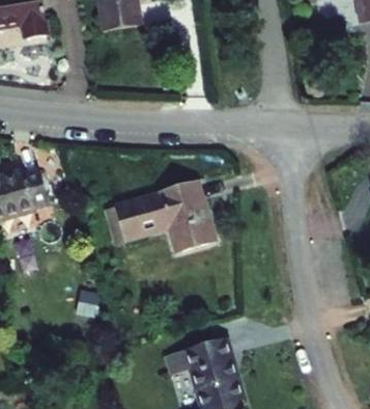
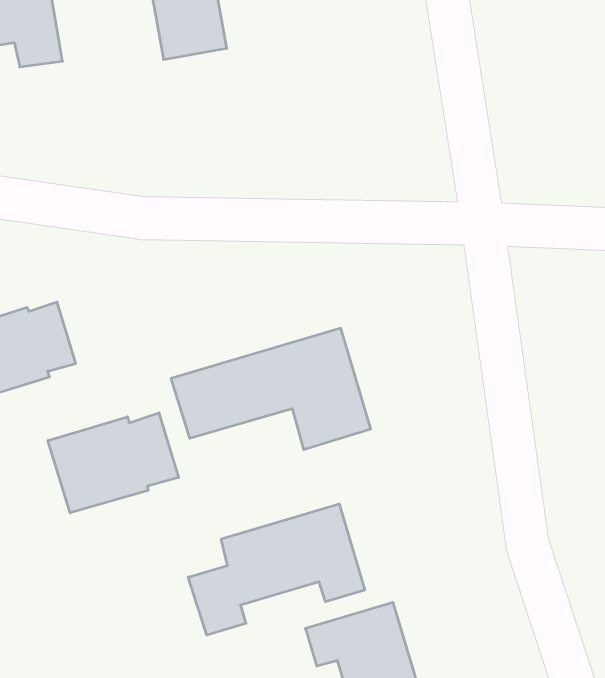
building: none -> [48,413,179,513]
building: none -> [188,504,365,635]

